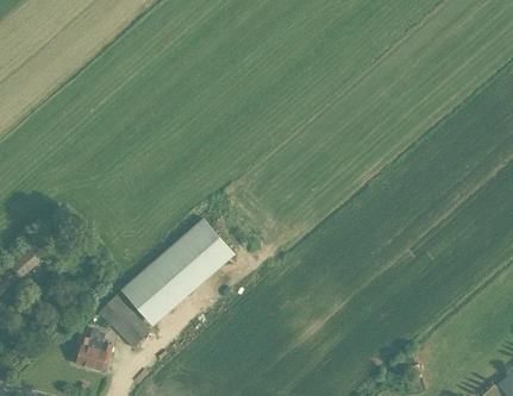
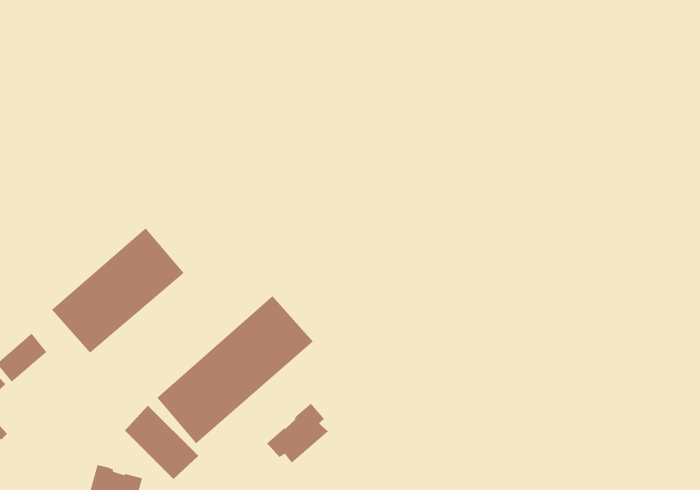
building: none -> [51,227,184,354]
building: none -> [266,403,329,463]

